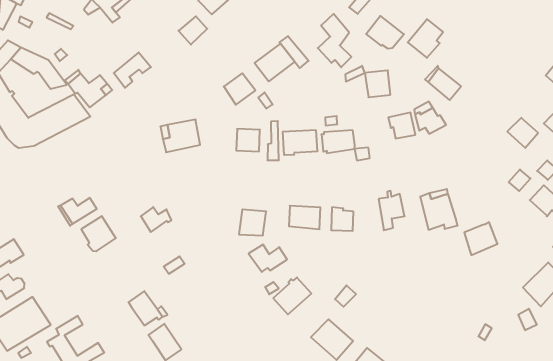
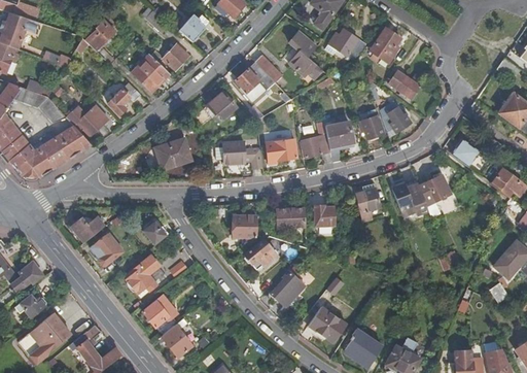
building: none -> [131,54,169,91]
building: [365,70,390,97] -> [325,123,350,148]
building: [507,118,538,148] -> [451,140,479,167]
building: [464,222,498,255] -> [419,175,450,206]
building: none -> [127,256,166,294]

